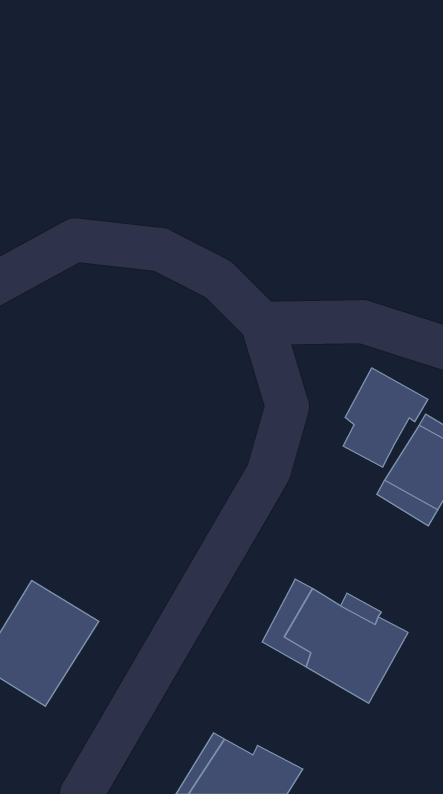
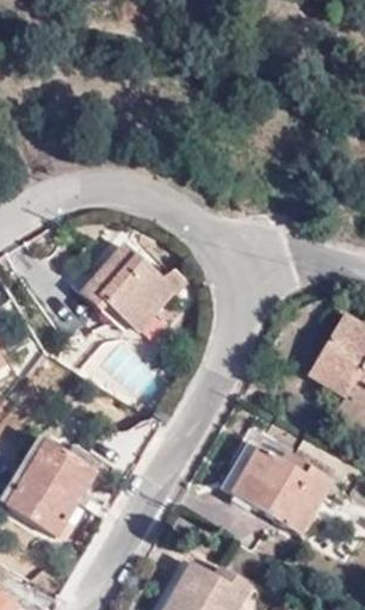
building: none -> [83,242,187,328]
building: [343,368,428,467] -> none

